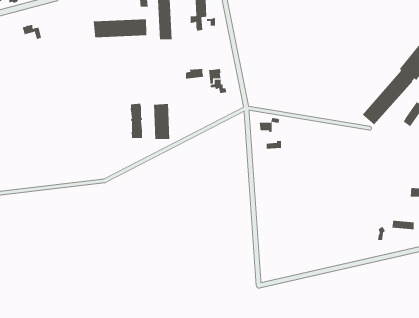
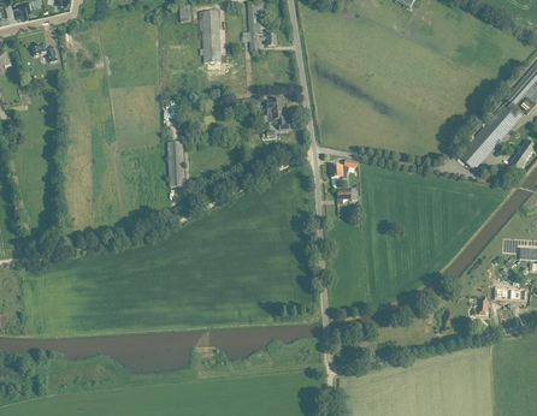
building: [93,18,147,38] -> none
building: [153,103,170,140] -> none

